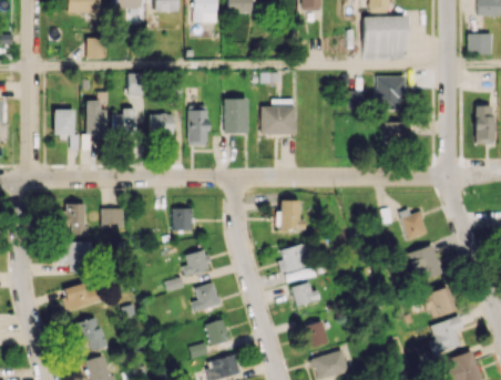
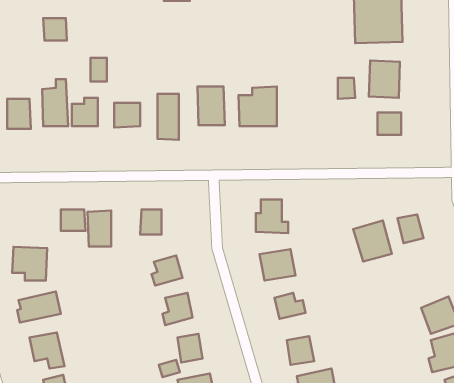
building: [65,203,86,235] -> [87,210,111,247]
building: [408,245,442,281] -> [353,220,392,261]

